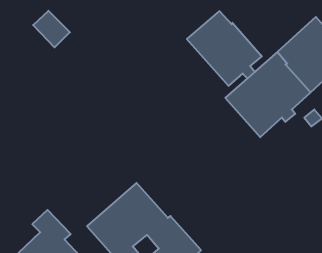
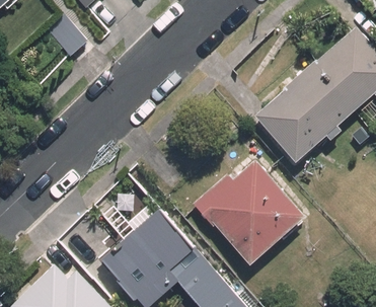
building: [187,11,262,86] -> none
building: none -> [195,161,307,267]

